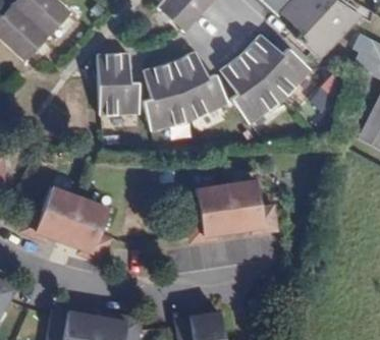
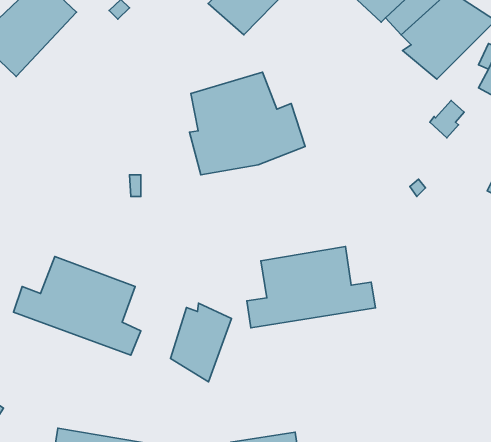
building: [223,37,312,120] -> none
building: [99,51,139,111] -> none
building: none -> [170,303,232,382]

